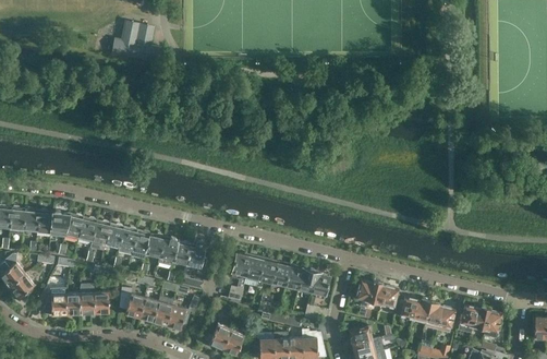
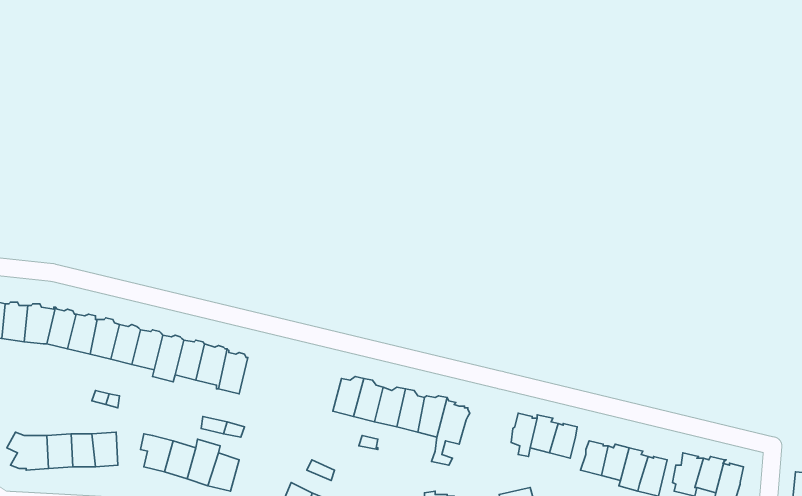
building: [112,25,161,63] -> none
building: [181,241,206,288] -> none
building: [230,254,250,295] -> none

